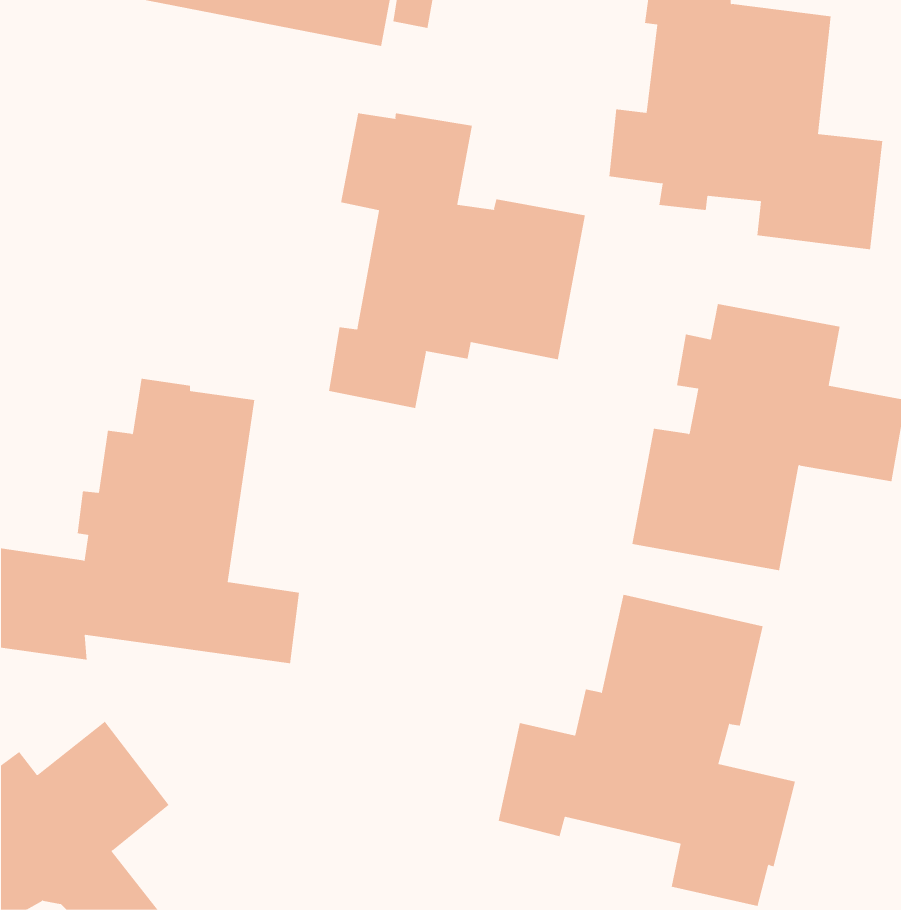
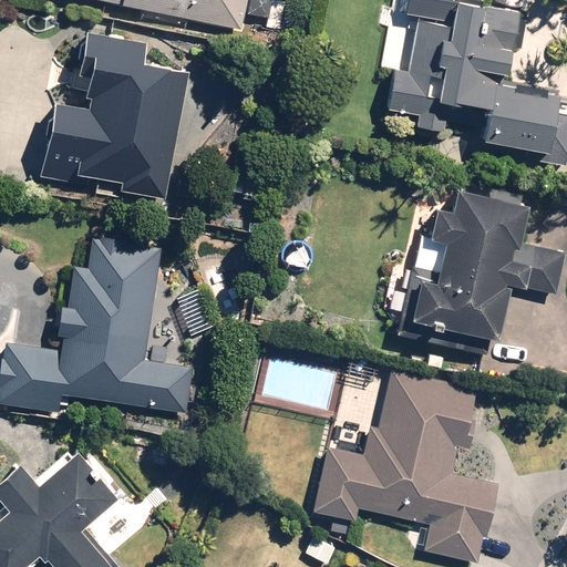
building: none -> [39,31,189,202]
building: [329,113,585,409] -> none

